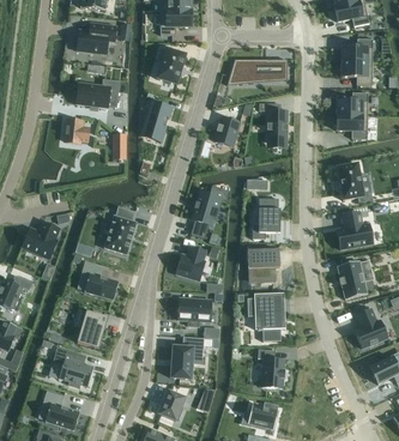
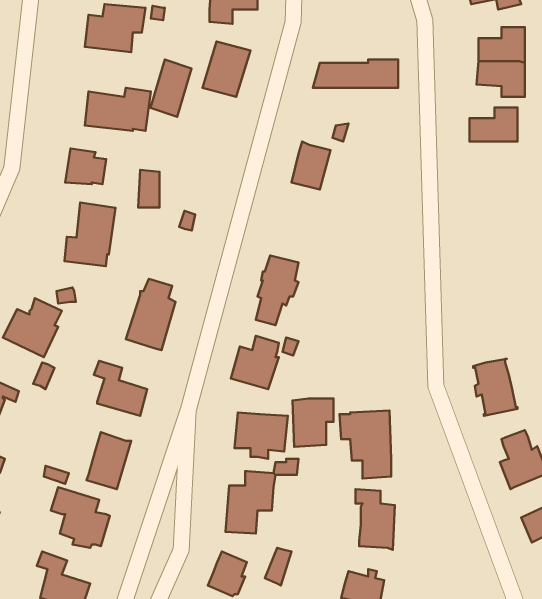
building: [143,101,170,139] -> [151,60,192,117]
building: [267,110,286,140] -> none
building: [334,115,367,139] -> none
building: none -> [64,202,116,266]
building: [337,164,373,204] -> none
building: [252,199,278,240] -> none
building: [337,212,373,249] -> none
building: [250,250,278,283] -> [292,399,333,447]

